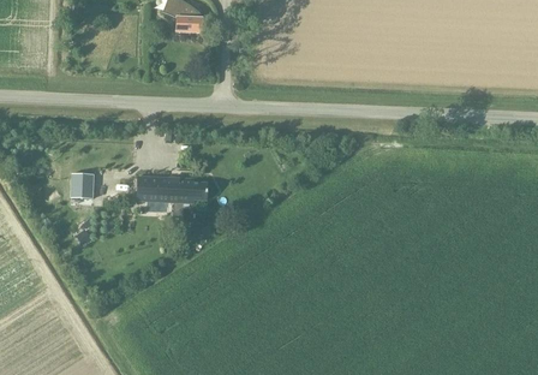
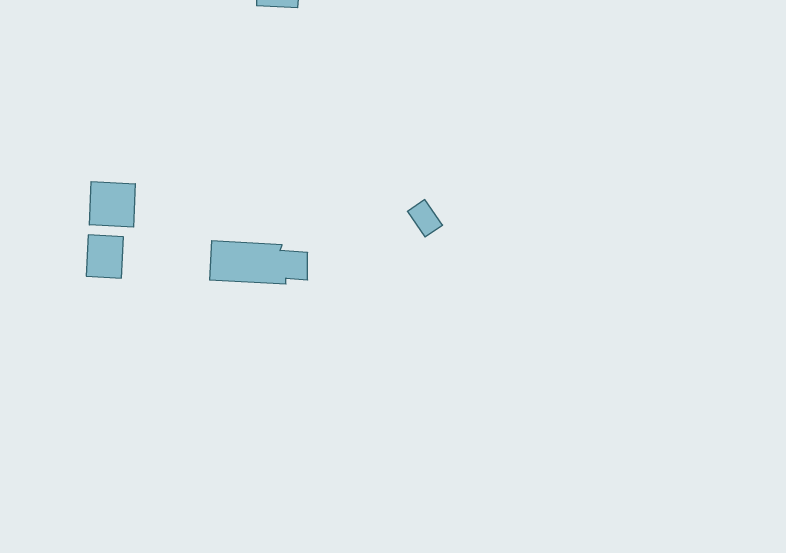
building: none -> [89,182,135,227]

